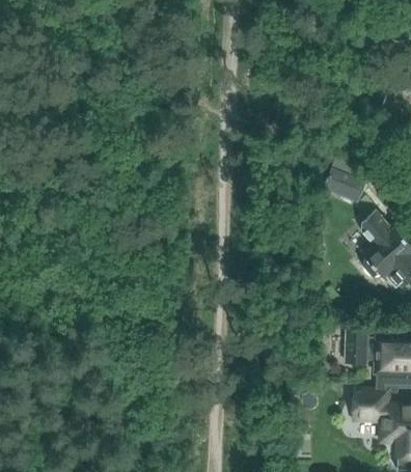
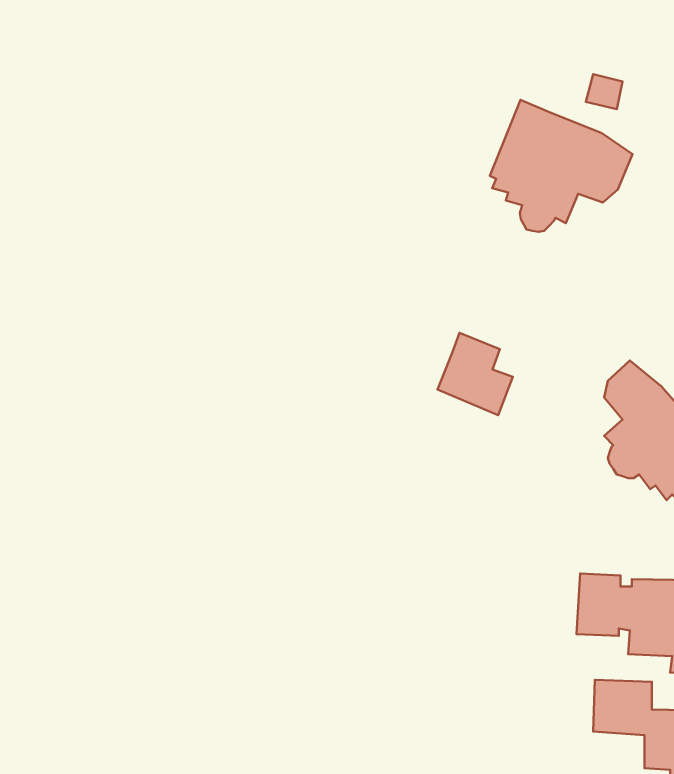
building: none -> [490,100,633,232]
building: [324,158,366,204] -> [437,333,513,415]

